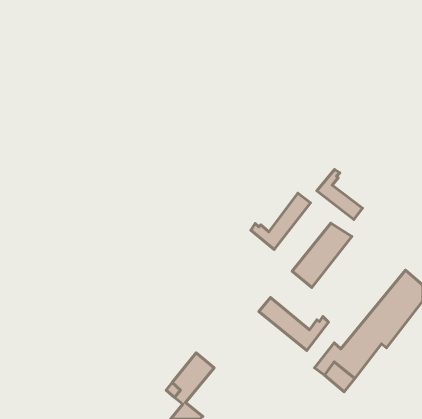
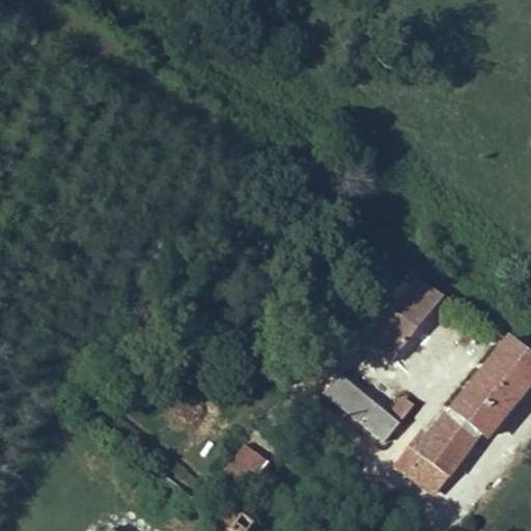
building: [317,169,362,219] -> none
building: [251,193,310,249] -> none

